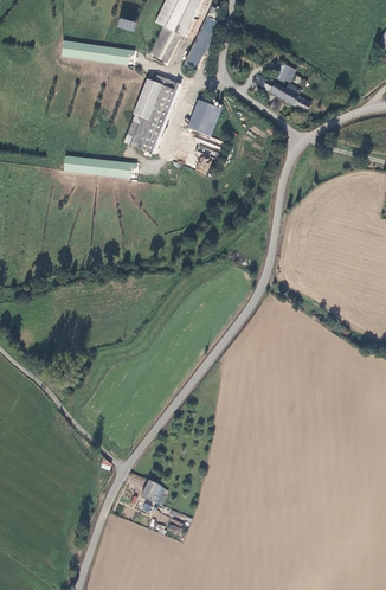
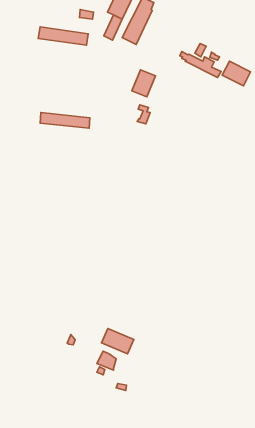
building: [123,73,180,153] -> none
building: none -> [222,61,251,86]
building: none -> [102,328,134,354]

